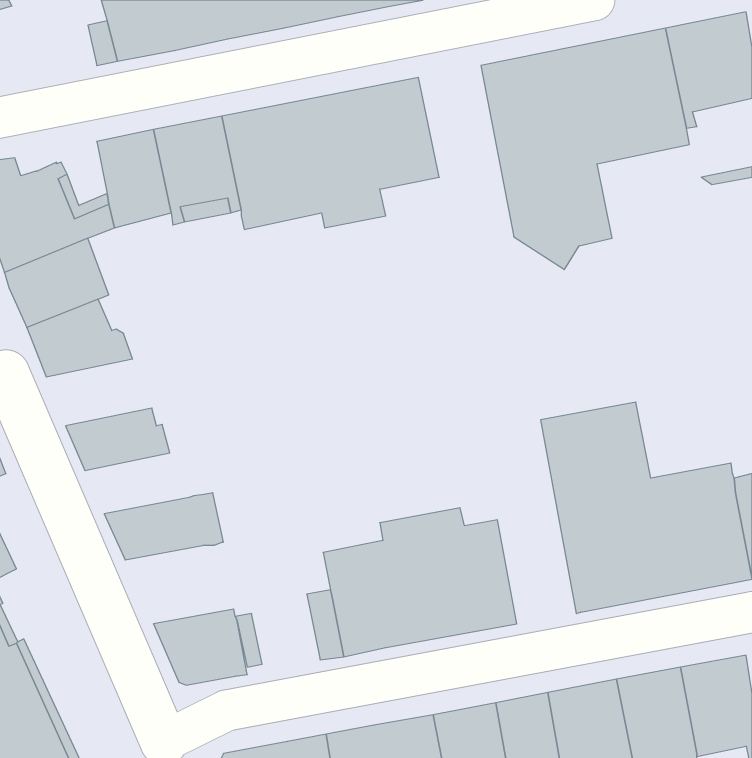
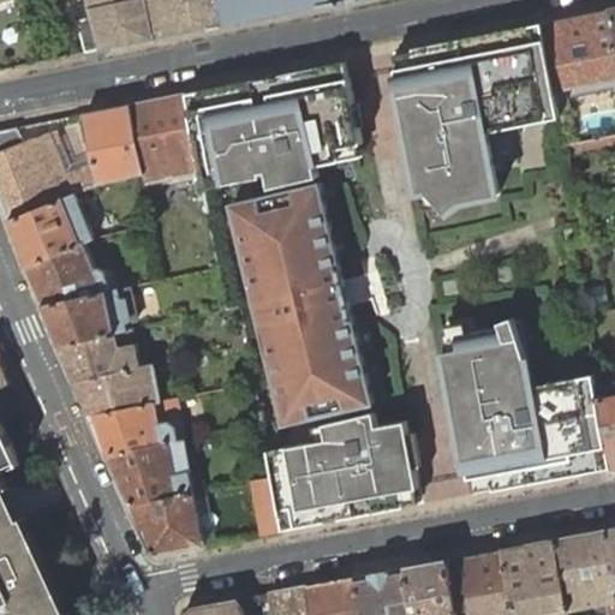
building: none -> [226,184,369,428]
building: none -> [37,288,131,346]
building: none -> [68,365,156,417]
building: none -> [101,440,199,506]

